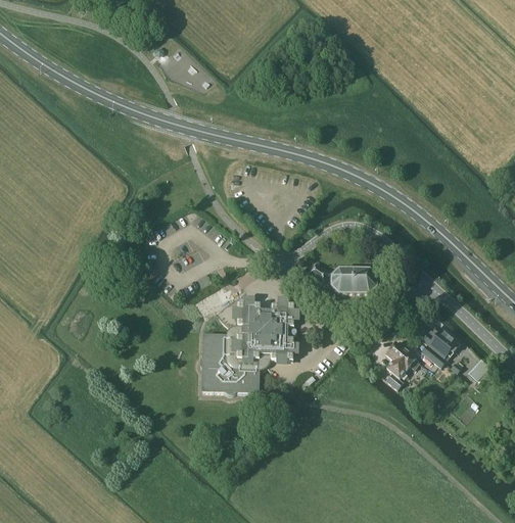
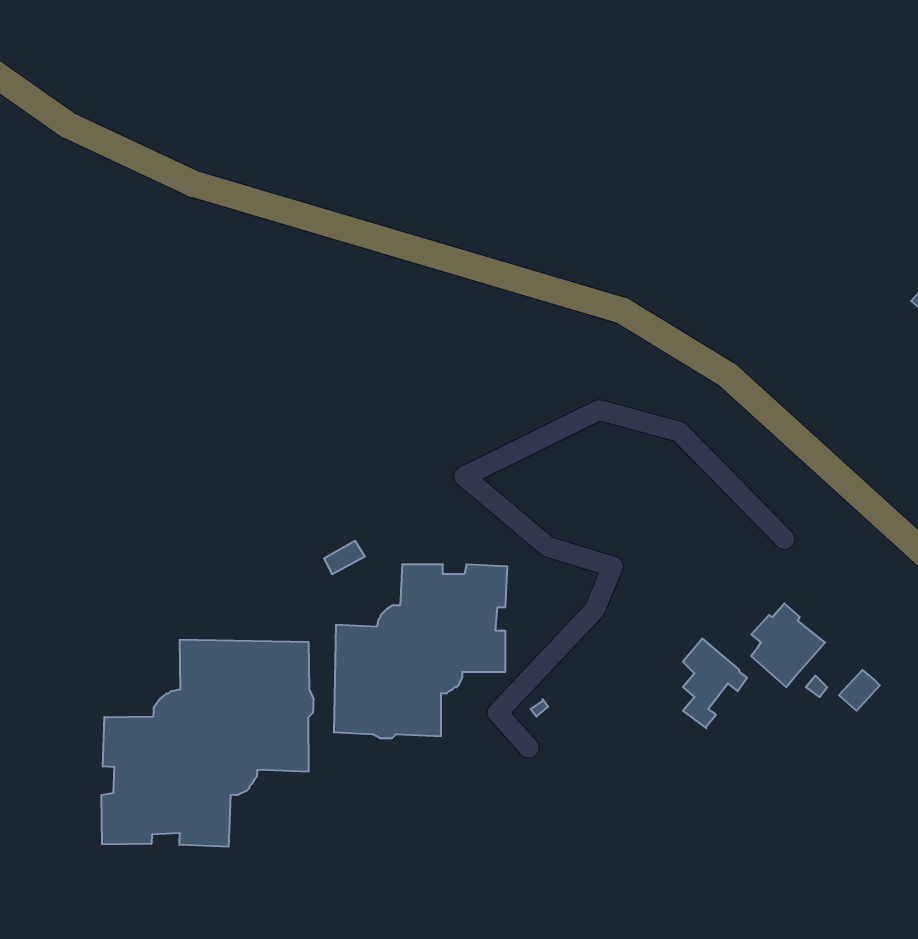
building: [307,264,375,294] -> none
building: none -> [102,640,313,847]

